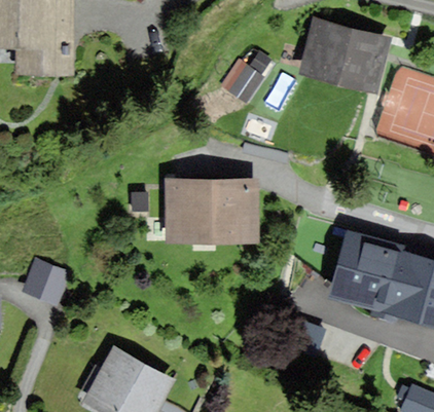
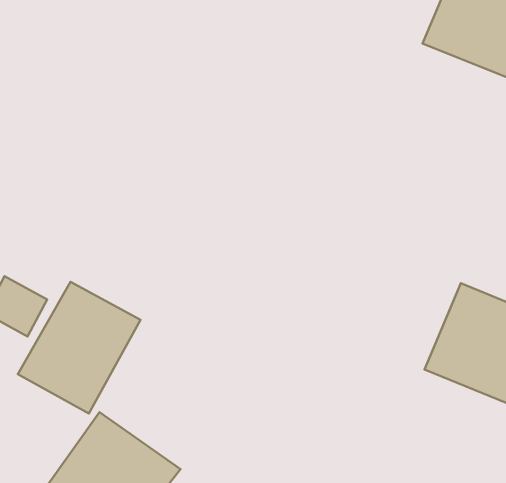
building: [170,183,255,242] -> none
building: none -> [18,282,140,413]

